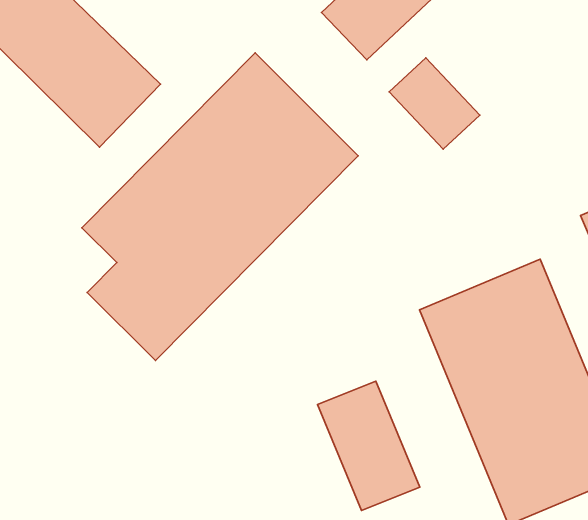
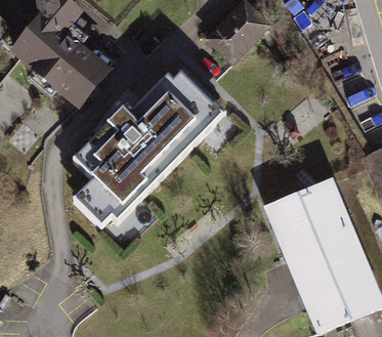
building: [389,58,480,149] -> none
building: [318,381,420,511] -> none

